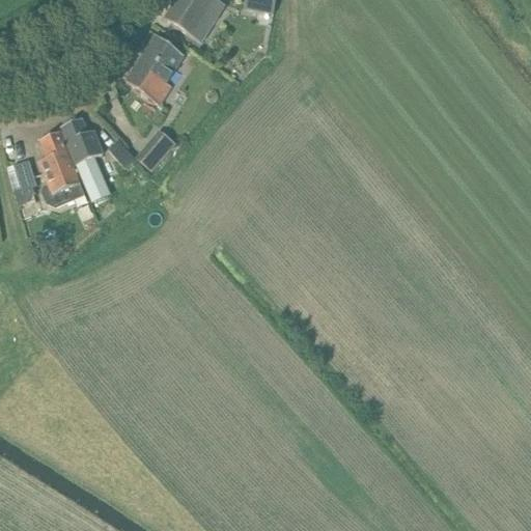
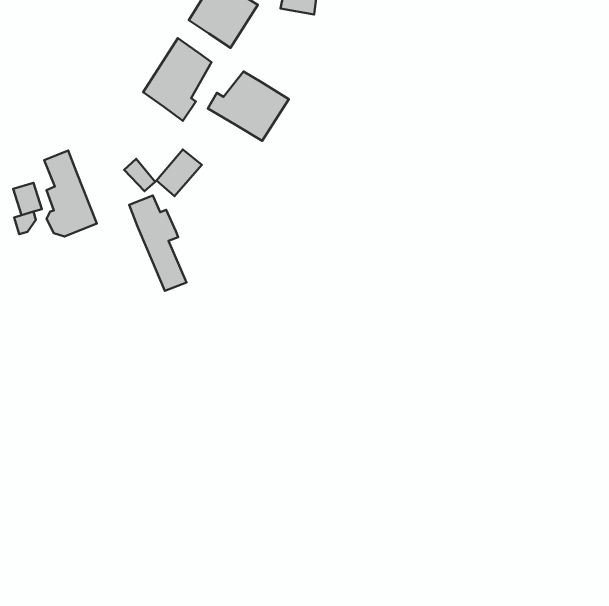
building: none -> [208,71,289,141]
building: [60,117,110,200] -> [129,195,186,291]

